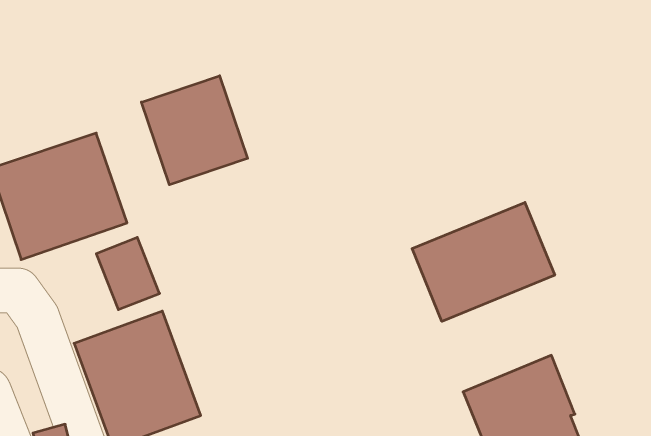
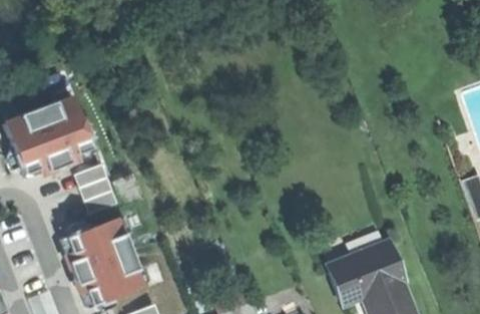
building: [141,76,248,185] -> none
building: [412,202,555,321] -> none

